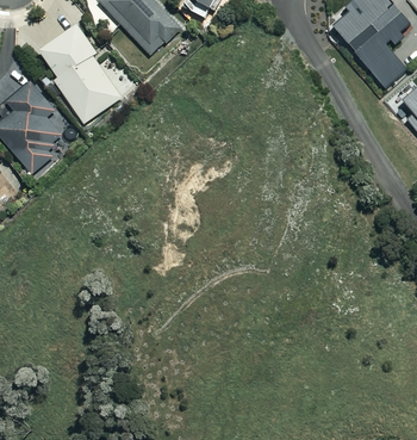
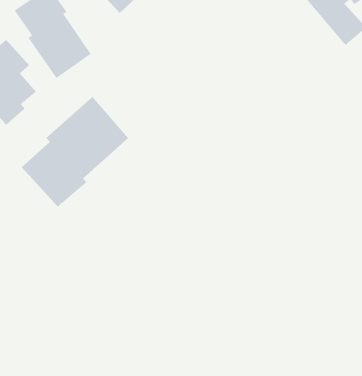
building: none -> [21,96,129,208]

